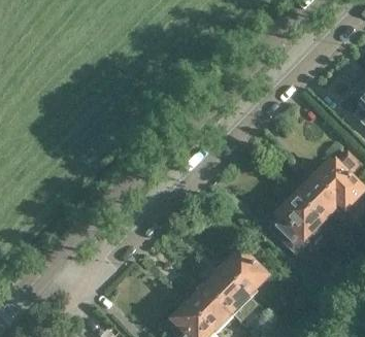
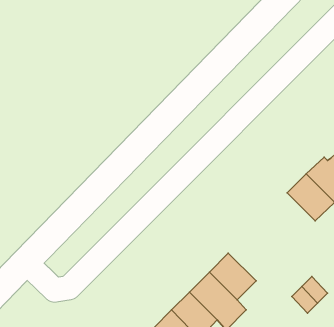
building: [269,196,321,255] -> none

